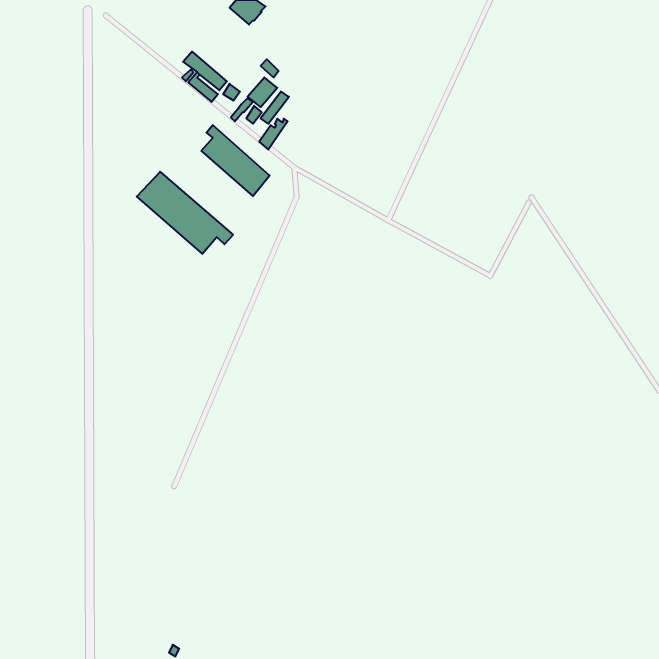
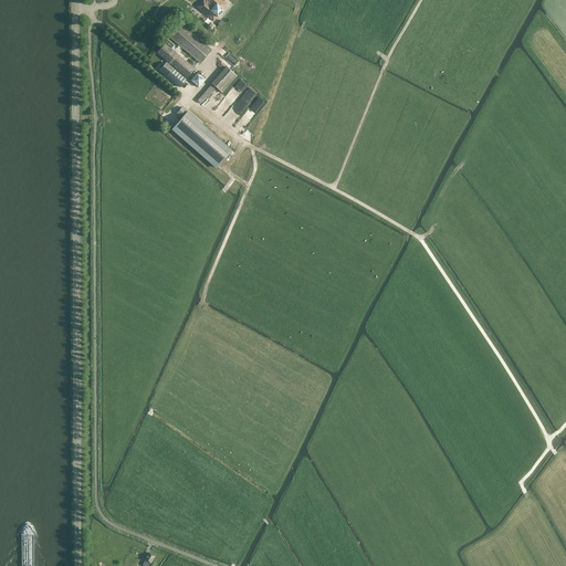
building: none -> [170,24,211,63]
building: [137,172,233,254] -> none

